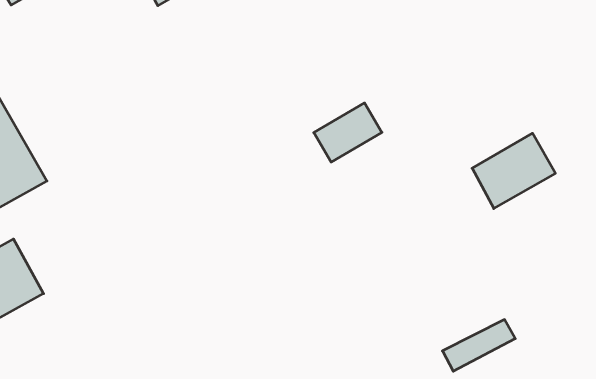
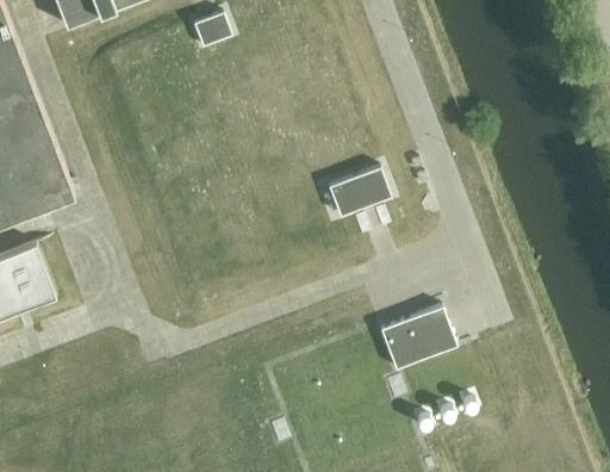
building: [472,133,555,209] -> [378,305,454,369]

